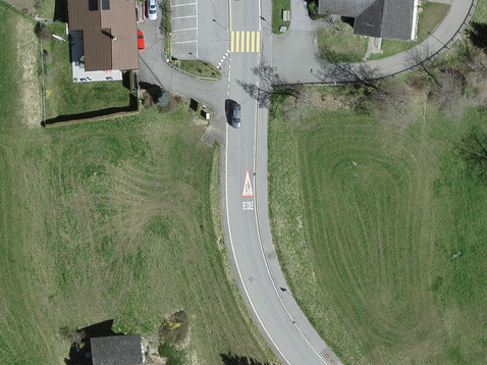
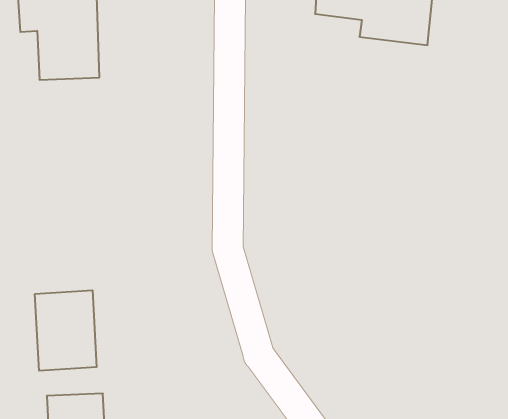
building: none -> [35,290,97,371]

